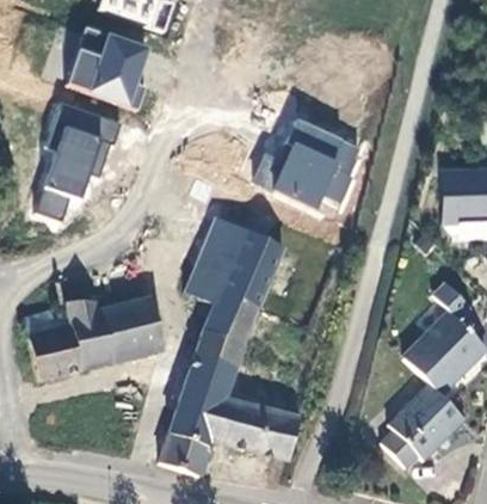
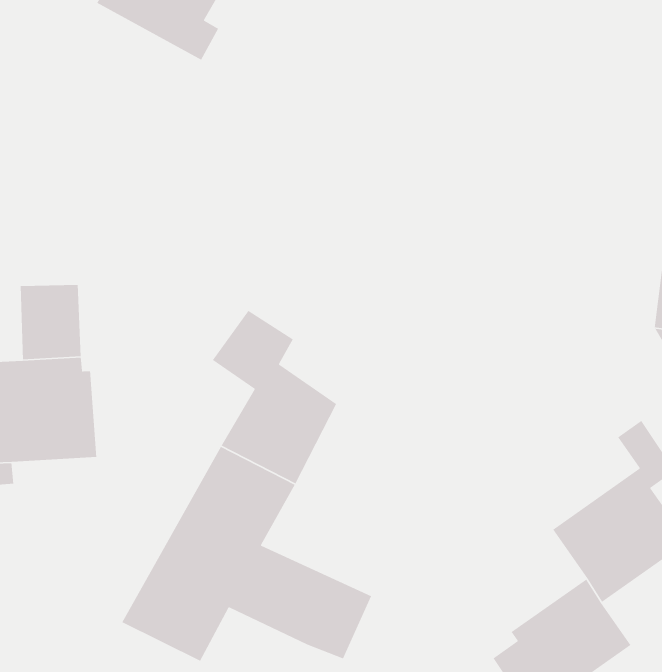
building: [37,102,123,219] -> none
building: [255,117,362,207] -> none
building: [195,217,282,303] -> none
building: [105,297,162,362] -> none

